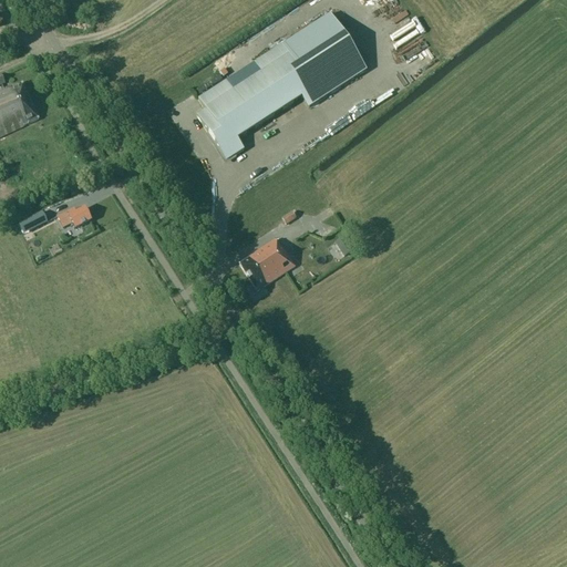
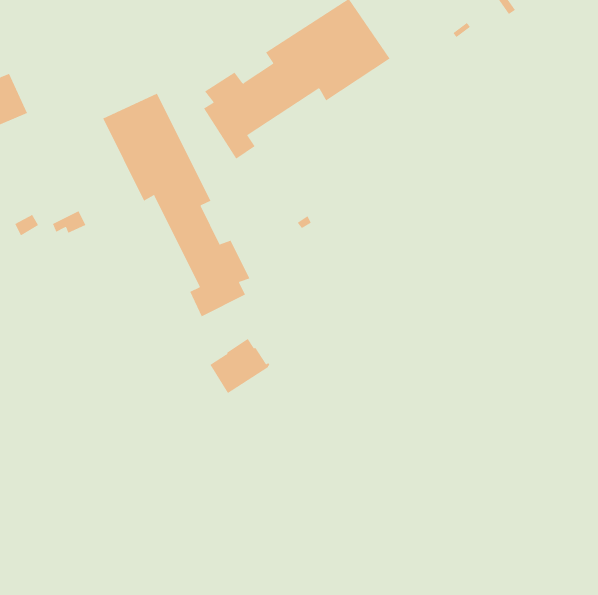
building: none -> [103,93,250,317]
building: [240,236,296,287] -> [209,338,270,394]

